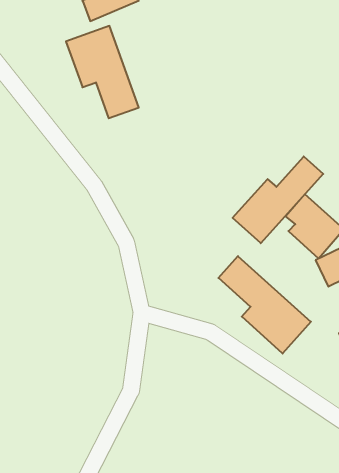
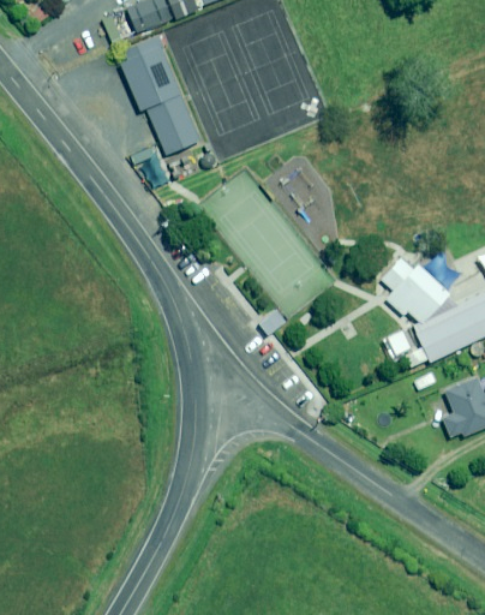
building: [233,156,323,243] -> none
building: [218,256,311,354] -> none

